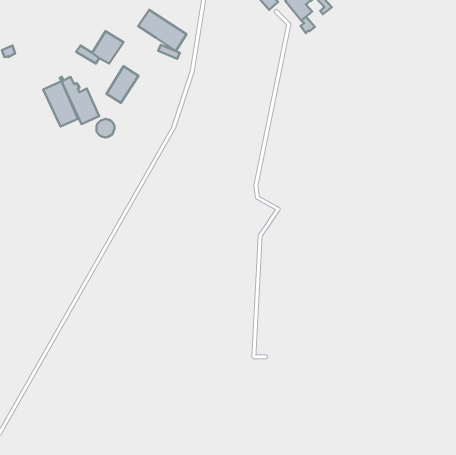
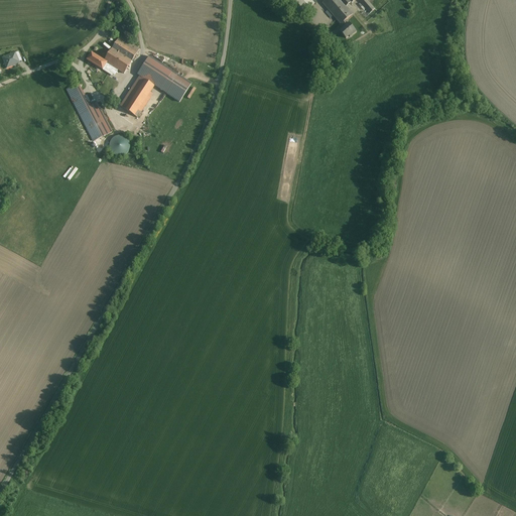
building: [138,10,187,51] -> [136,54,190,101]
building: [43,81,78,126] -> none

